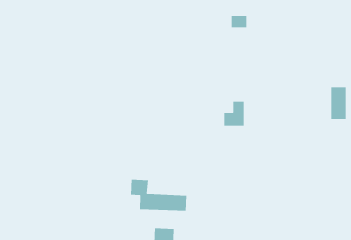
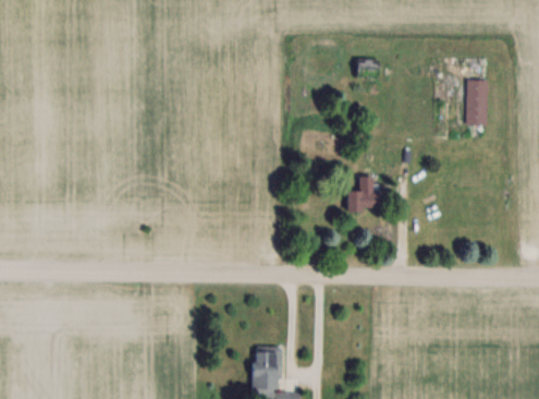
building: [330,87,347,120] -> [467,80,489,124]
building: [130,179,187,212] -> none

